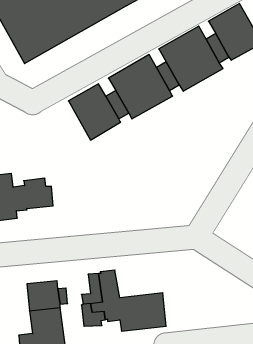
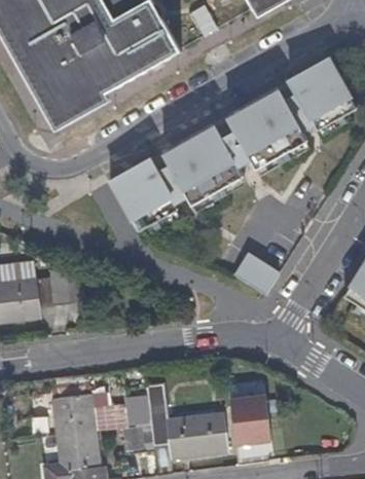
building: none -> [235,260,280,299]
building: none -> [231,399,273,448]

